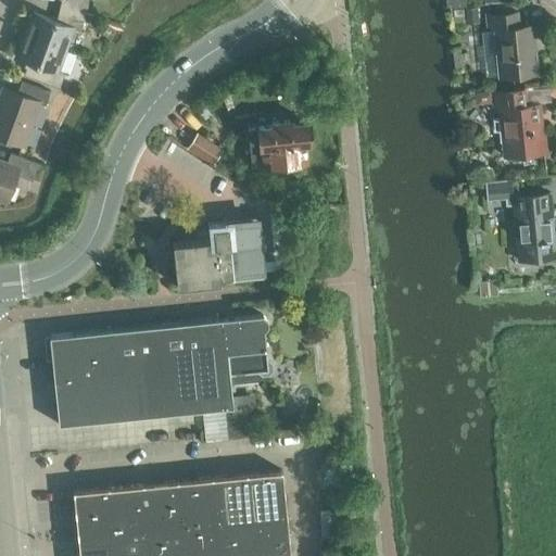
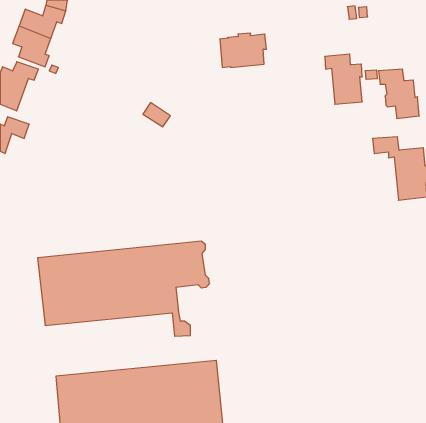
building: [486,15,535,80] -> [325,54,362,104]
building: [250,125,311,169] -> [220,33,267,67]
building: [173,220,263,290] -> none

